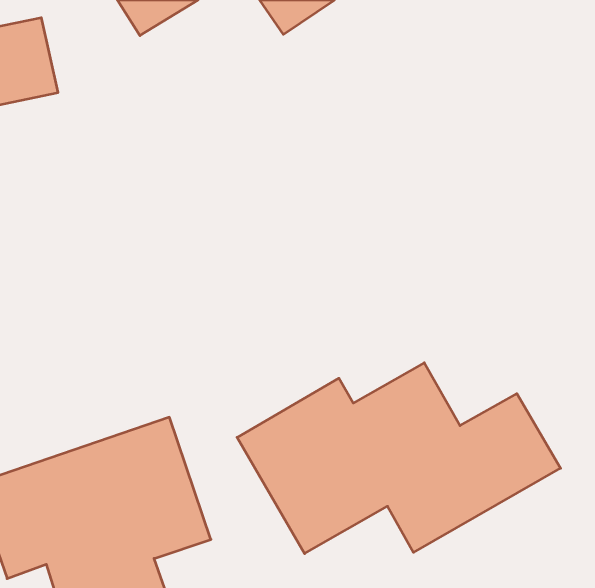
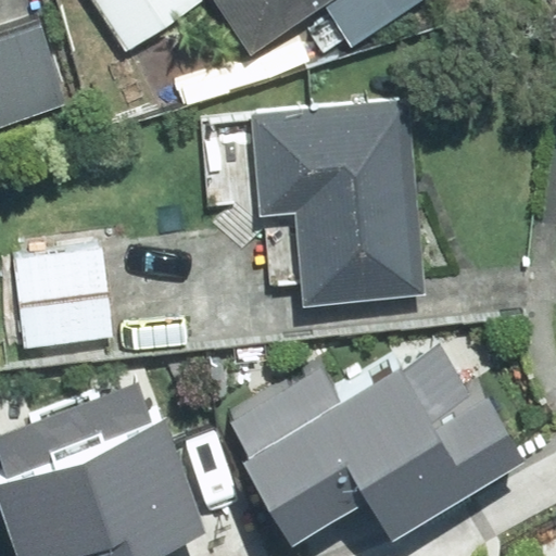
building: none -> [277,106,424,294]
building: none -> [20,251,112,349]

